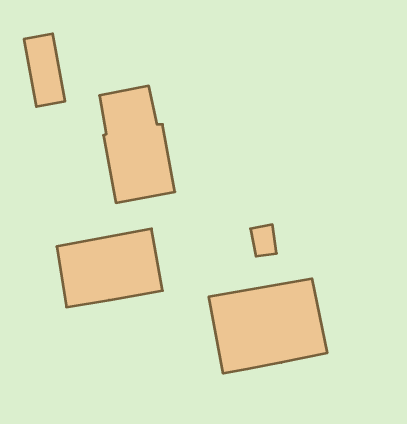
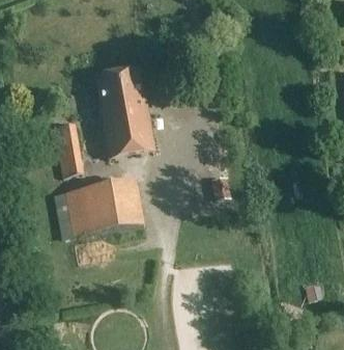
building: [24,34,65,107] -> [54,119,85,174]
building: [209,279,327,373] -> none

